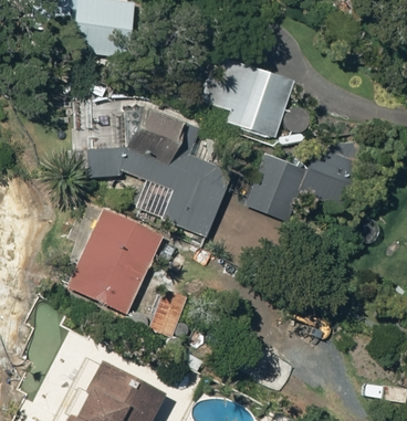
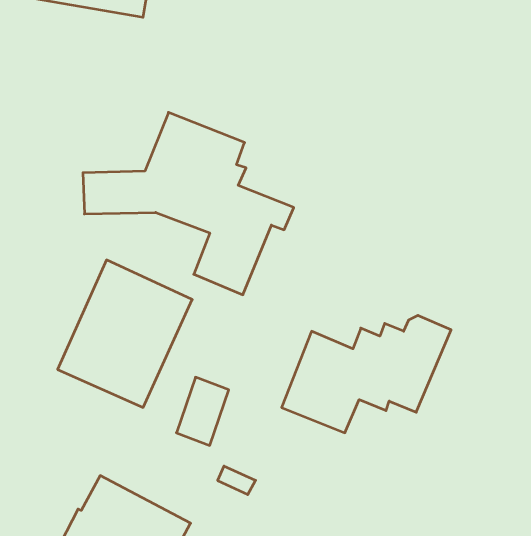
building: [207,59,295,138] -> none
building: [247,141,365,223] -> [282,315,451,433]

